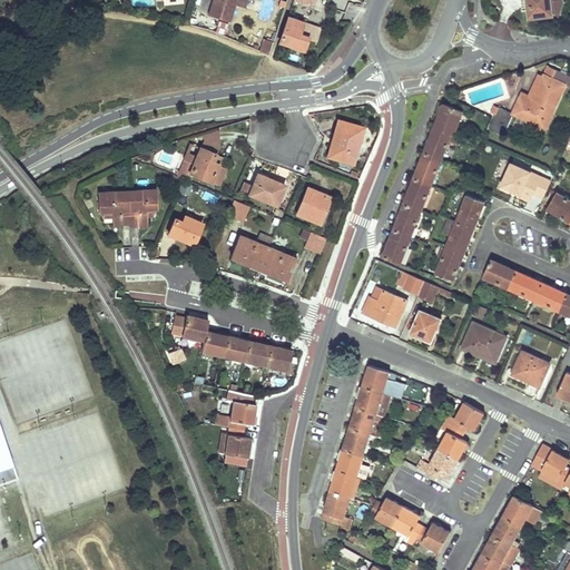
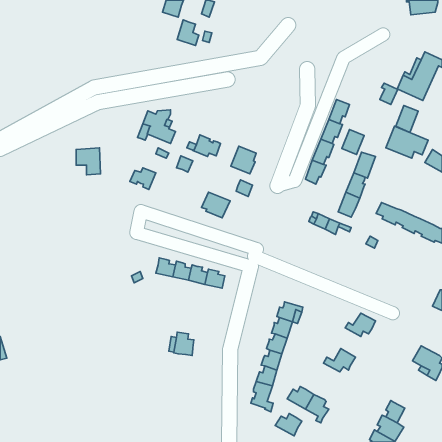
building: [279,18,307,51] -> [177,20,199,46]
building: [433,104,462,136] -> [342,129,364,155]
building: [330,121,363,164] -> none
building: none -> [396,106,418,133]
building: [128,189,156,227] -> none
building: [382,230,410,263] -> none
building: [230,235,268,267] -> none
building: [362,287,406,326] -> none
building: [410,311,441,342] -> none
building: [170,316,207,341] -> none
building: [461,323,505,363] -> none
building: [512,352,549,385] -> none
building: [362,367,394,395] -> none
building: [227,391,255,430] -> none
building: [439,422,468,460] -> none
building: [507,495,541,525] -> none
building: [415,523,450,552] -> [275,414,302,436]

